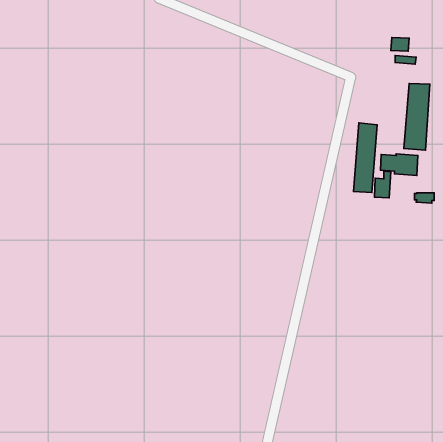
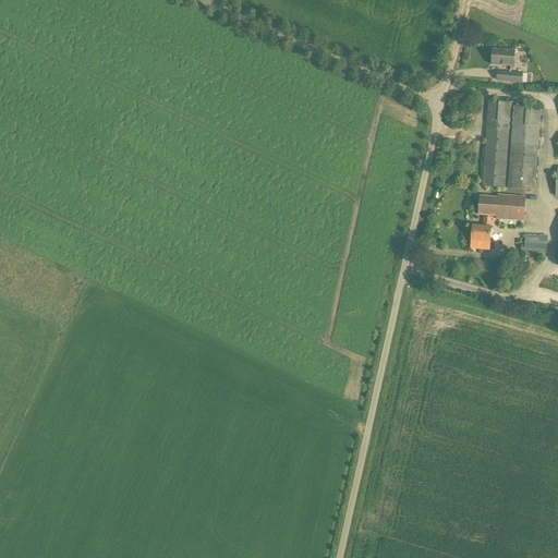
building: [354,123,377,192] -> [481,99,510,186]

